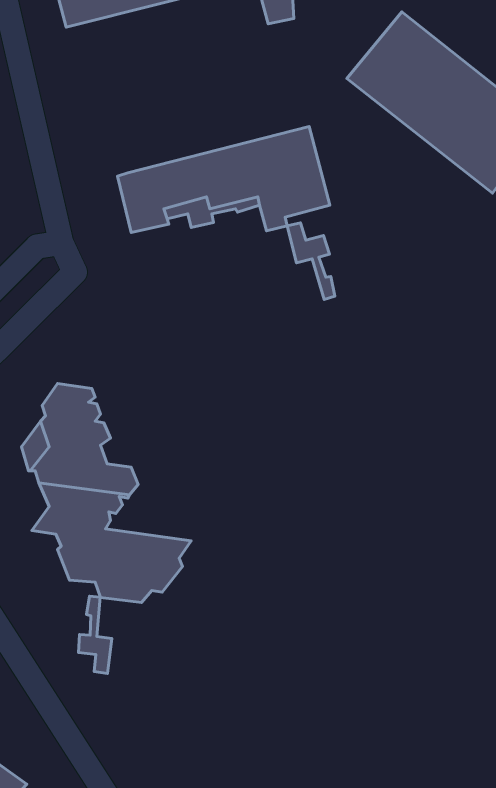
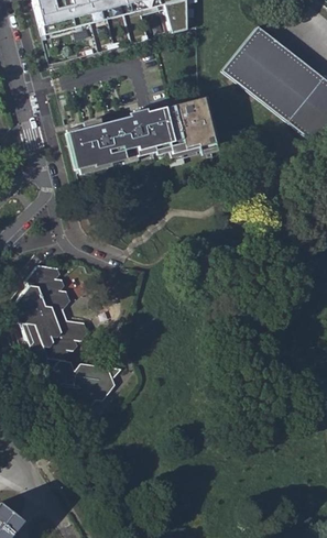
building: none -> [67,125,109,173]
building: [287,223,335,299] -> none
building: [78,596,112,674] -> none

